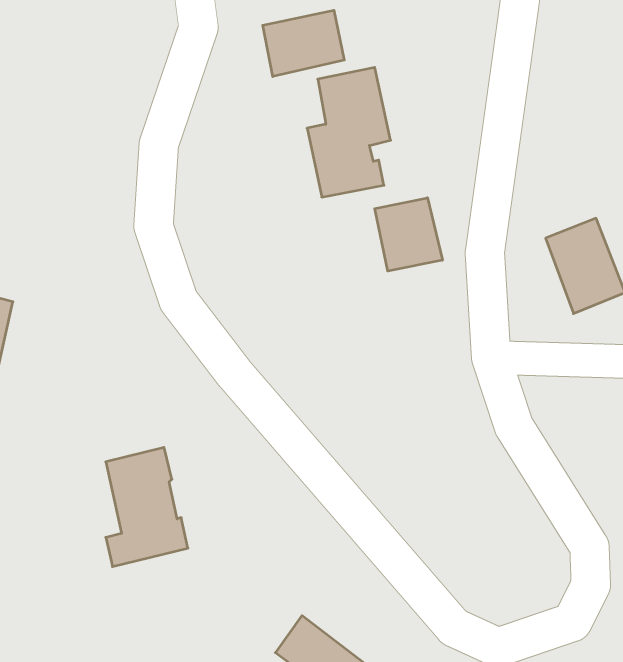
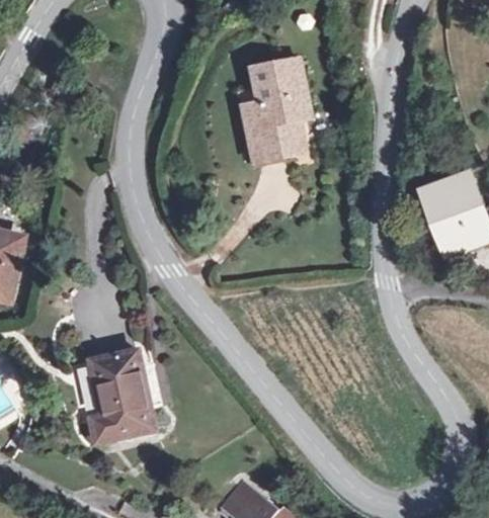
building: [263,10,344,77] -> none
building: [375,198,442,271] -> none

